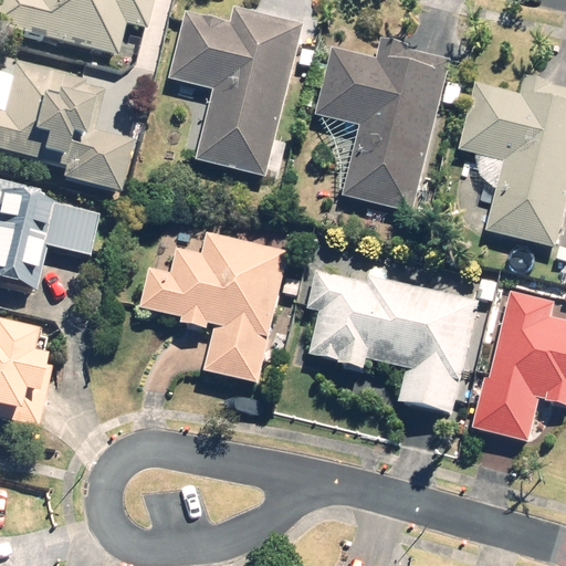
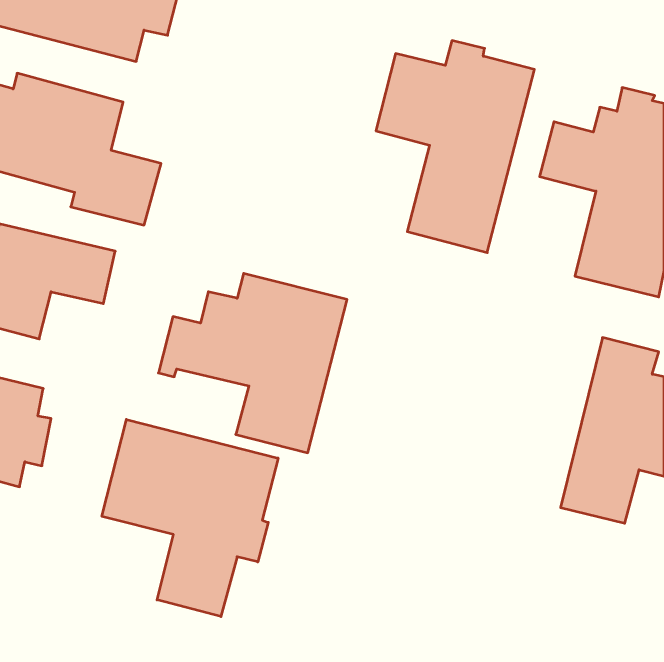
building: [167,6,302,172] -> none
building: [306,271,481,412] -> none
building: none -> [102,419,278,617]

